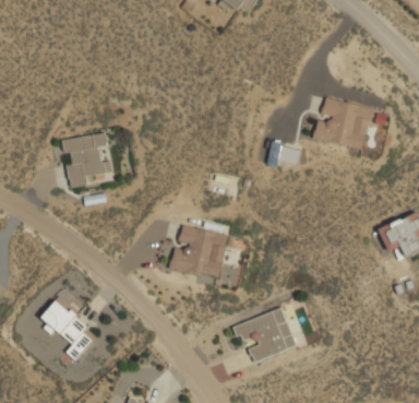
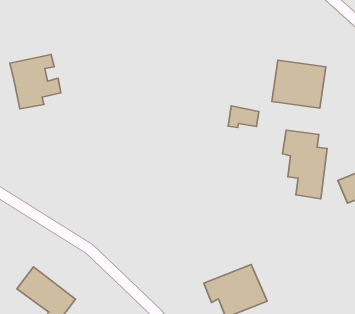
building: [61,132,112,187] -> [10,55,61,109]
building: none -> [283,130,327,199]
building: [169,225,227,277] -> none

